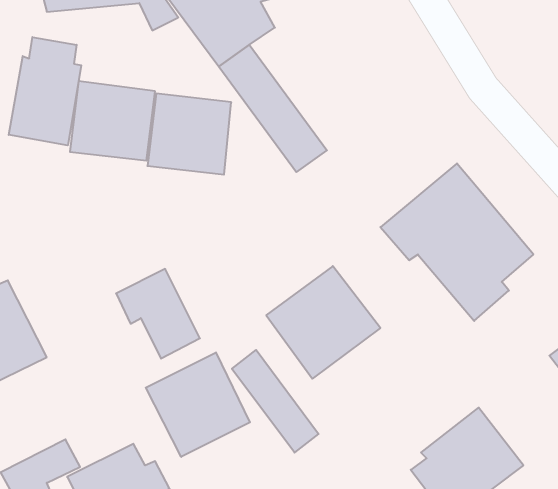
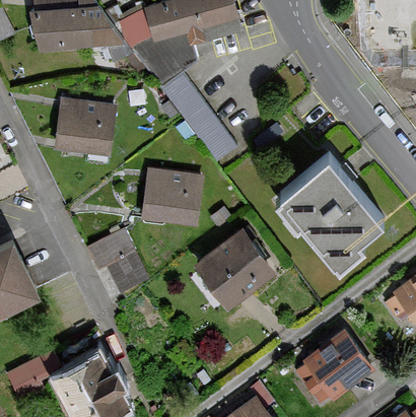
building: [9,37,81,145] -> none
building: [147,94,231,175] -> [142,168,201,225]
building: [232,350,319,453] -> none
building: [146,352,250,457] -> none

